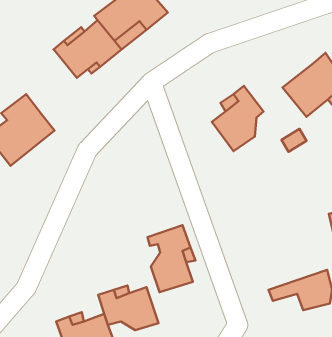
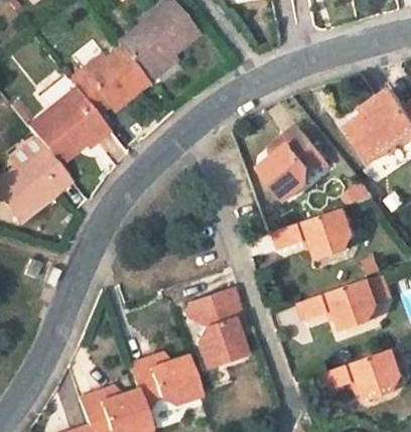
building: none -> [33,88,112,161]
building: none -> [278,204,359,255]
building: none -> [300,273,378,321]

